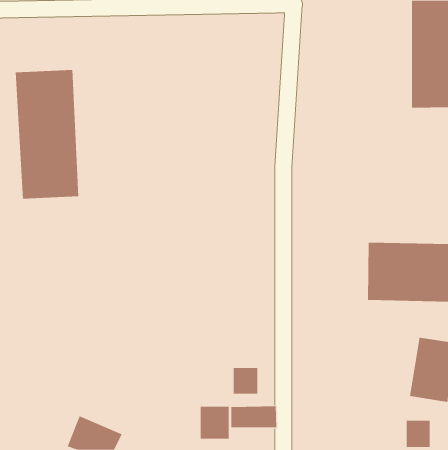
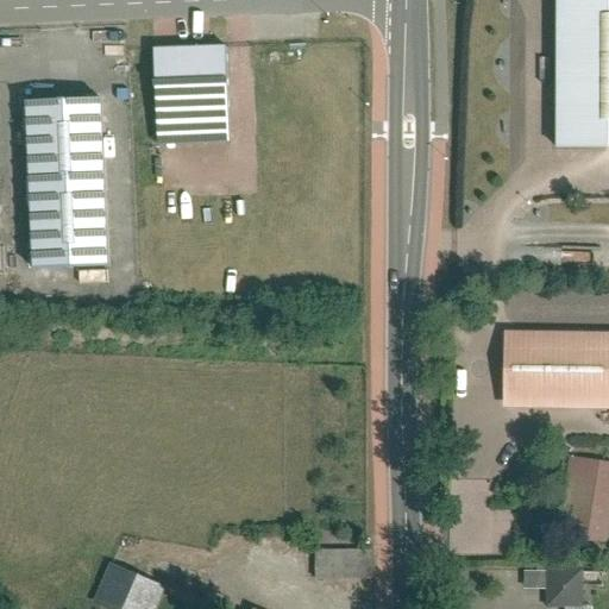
building: none -> [153,44,231,144]
building: [233,367,258,395] -> none
building: [200,406,229,439] -> none

